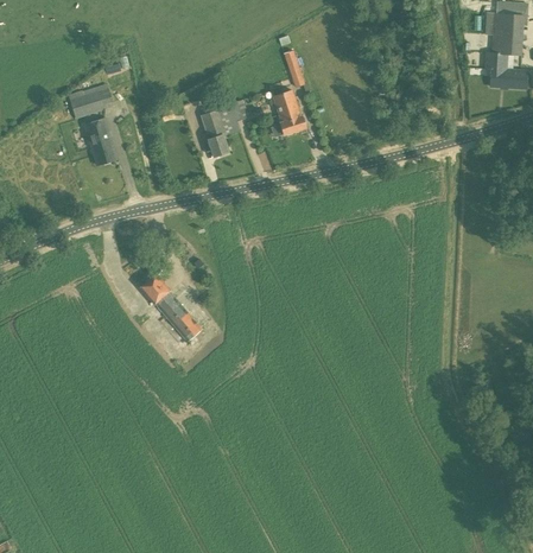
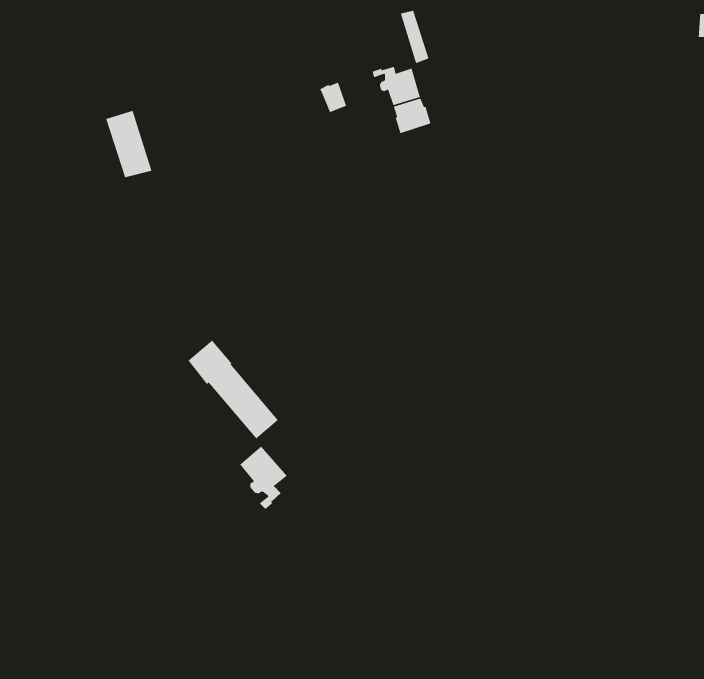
building: [69,84,114,119] -> none
building: [202,110,229,157] -> none
building: none -> [239,446,288,510]

